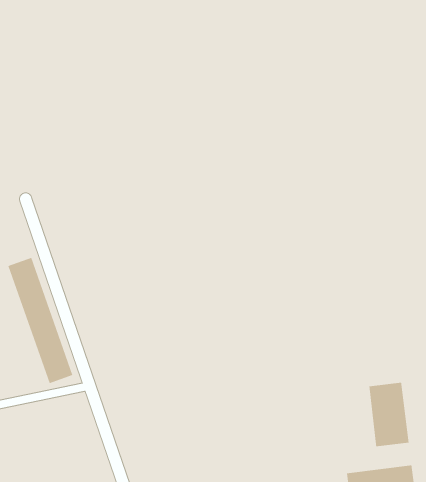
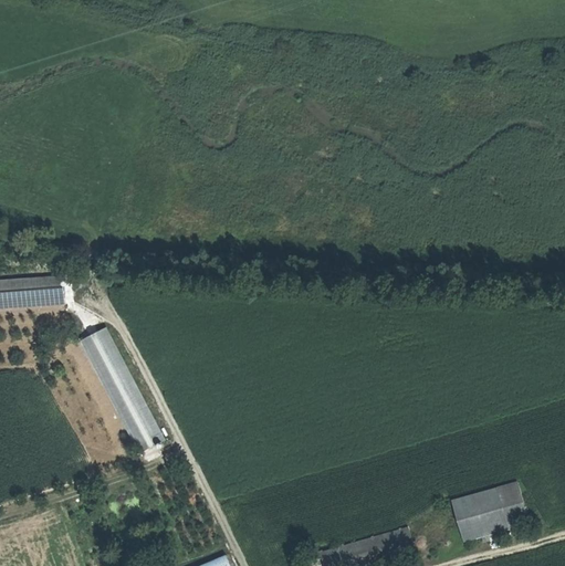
building: [369,382,409,447] -> none

